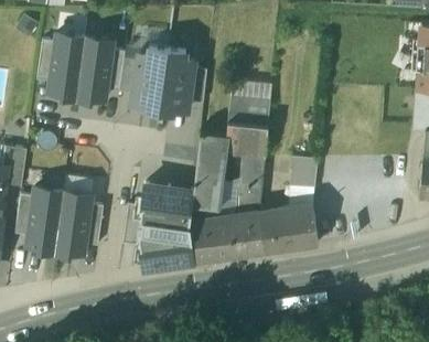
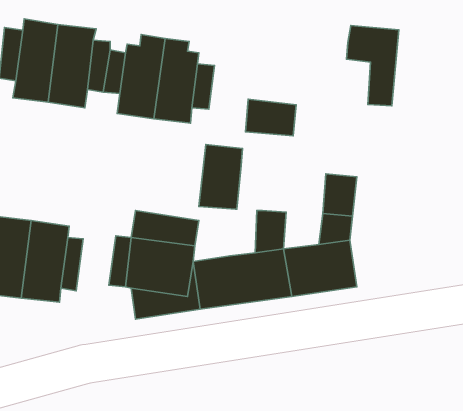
building: [227,121,268,184] -> [347,25,399,106]
building: [190,180,223,223] -> none

